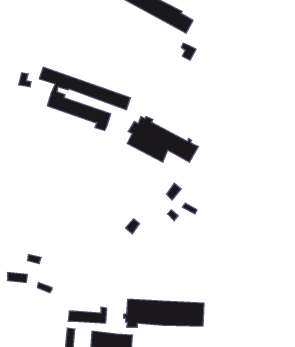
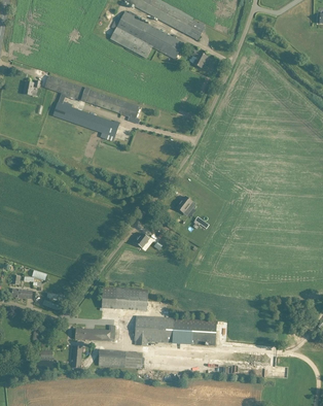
building: [127,117,199,162] -> [109,10,183,58]
building: none -> [101,286,147,309]

